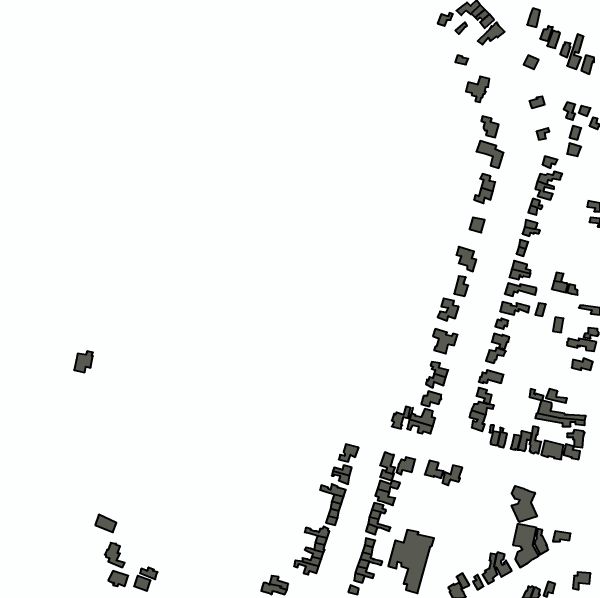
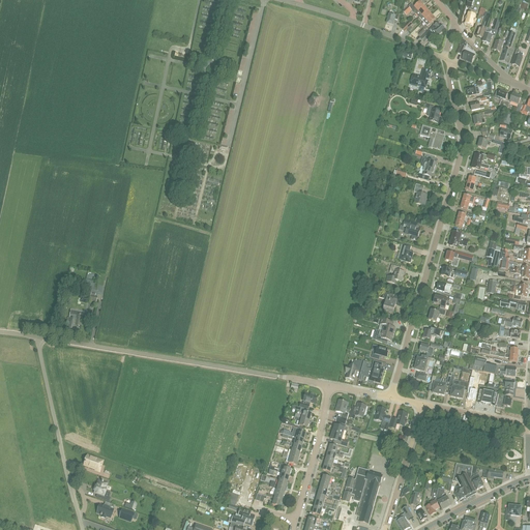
building: [512,486,537,522] -> none

